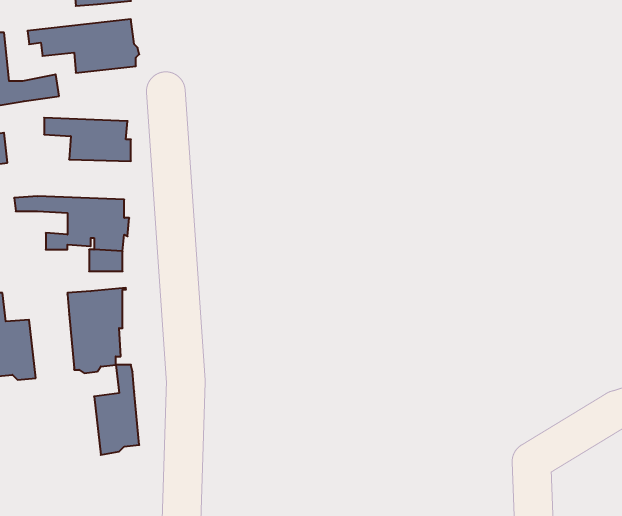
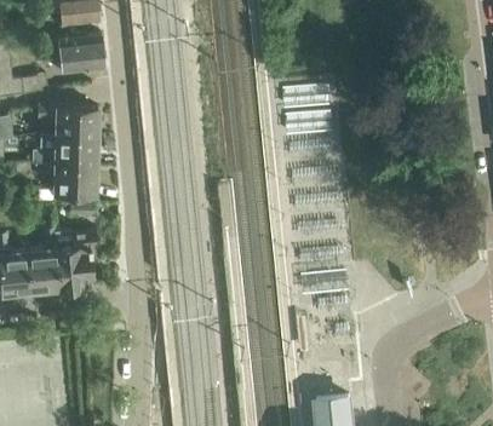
building: none -> [31,136,99,166]
building: [94,365,139,455] -> [25,230,58,295]

